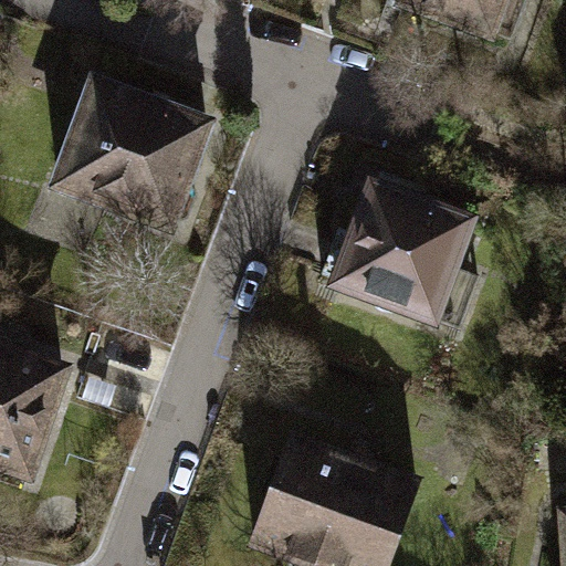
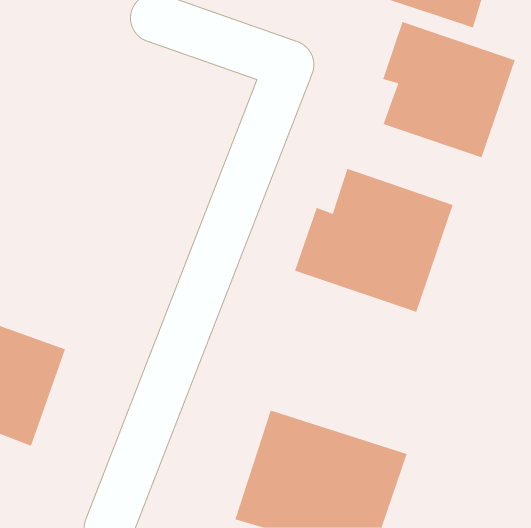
building: none -> [382,21,516,158]
building: [55,77,202,220] -> none

